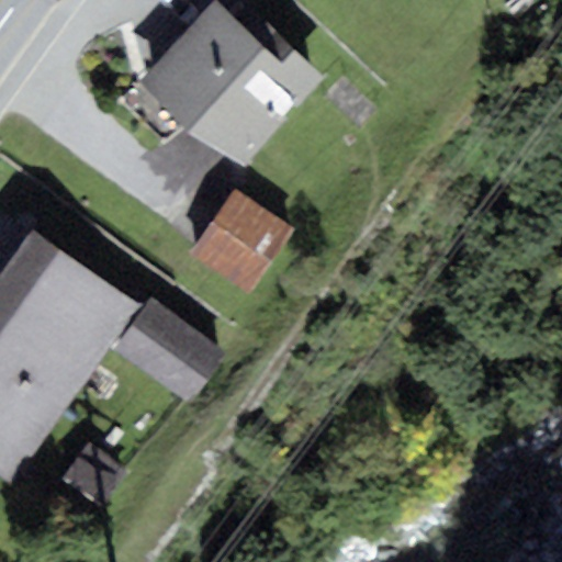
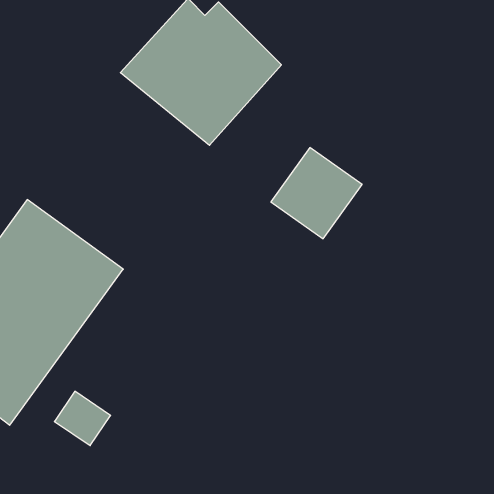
building: [189,190,292,293] -> [271,148,362,239]
building: [113,297,225,403] -> none

